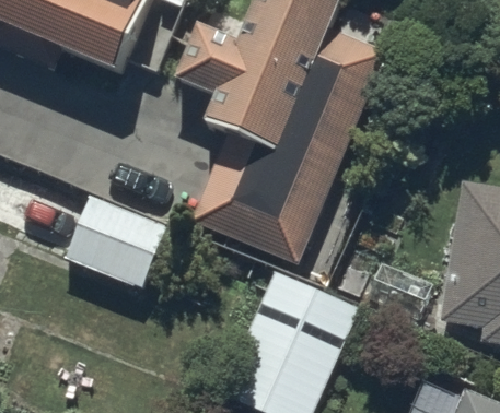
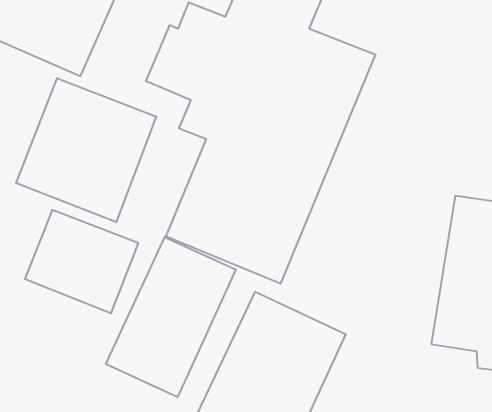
building: none -> [16,78,156,222]
building: none -> [106,237,236,397]

